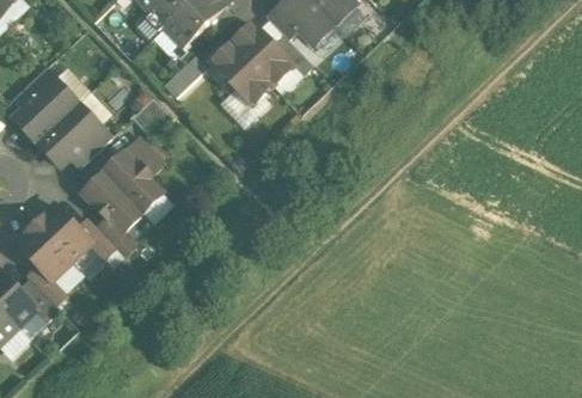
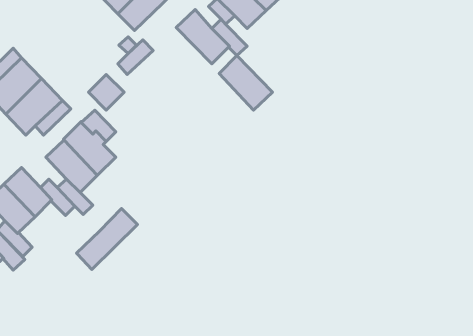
building: [212,43,272,105] -> [219,56,272,110]
building: none -> [77,208,138,270]

